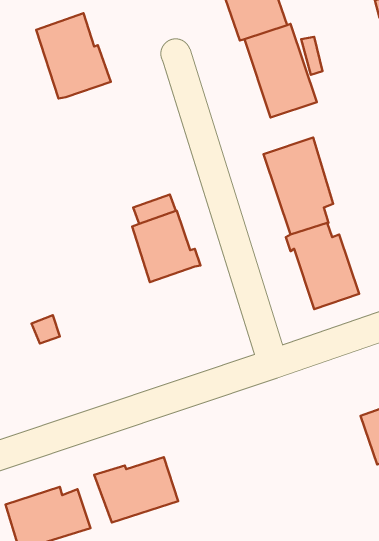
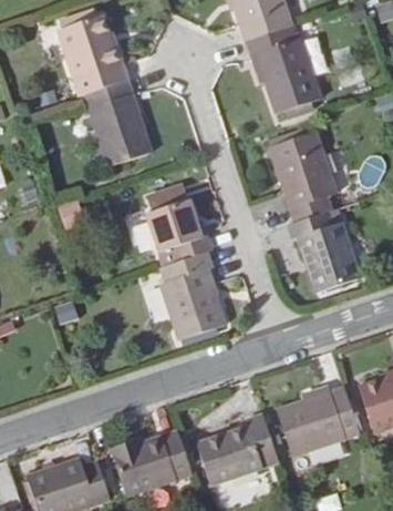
building: none -> [85,79,152,165]
building: none -> [161,252,225,339]
building: none -> [281,391,362,458]
building: none -> [197,413,278,481]

